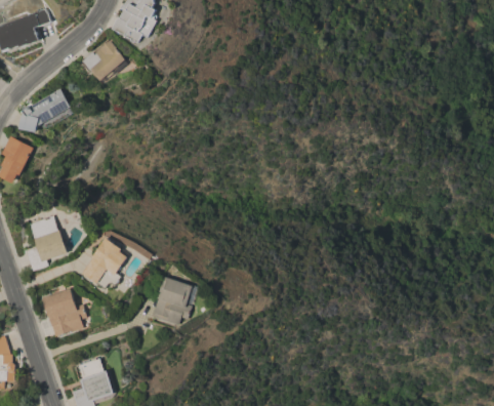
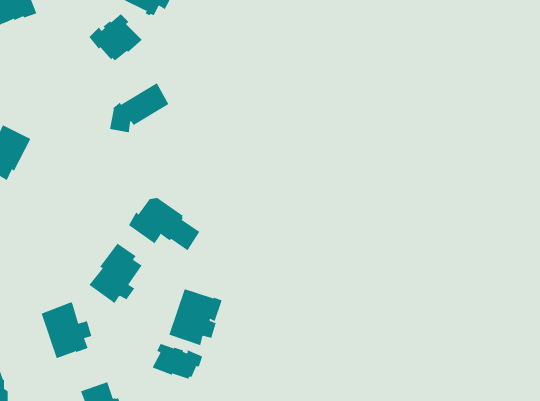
building: [18,89,70,132] -> [109,83,169,133]
building: none -> [128,197,200,251]
building: [25,215,67,271] -> none
building: none -> [152,343,203,380]

